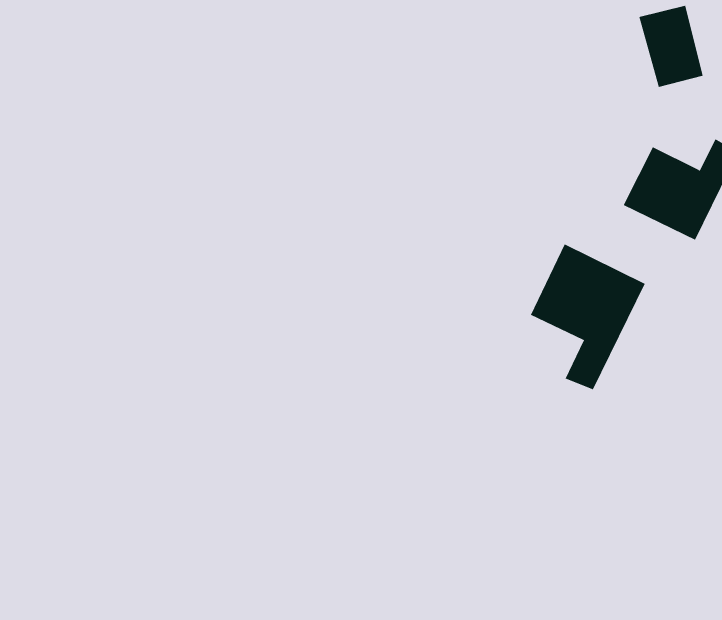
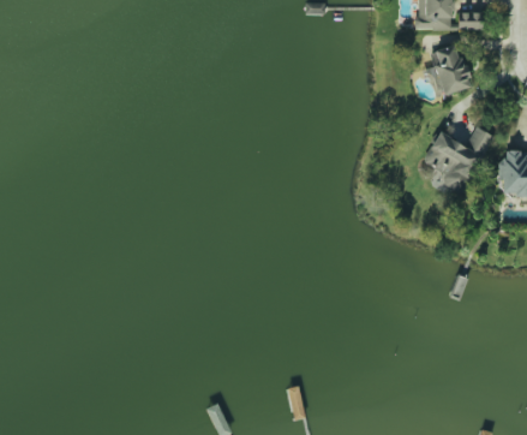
building: [530,244,645,390] -> none

